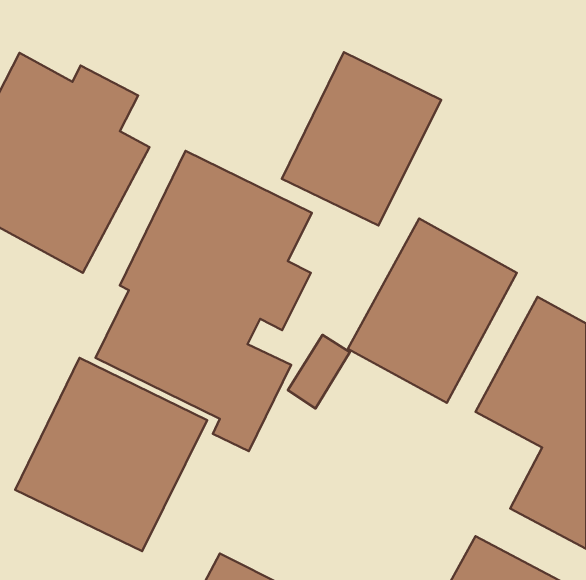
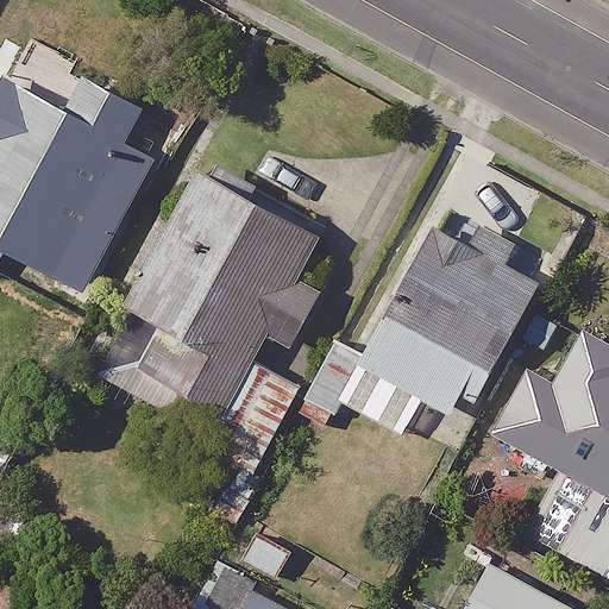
building: [282,52,441,226] -> none
building: [15,358,207,551] -> none

